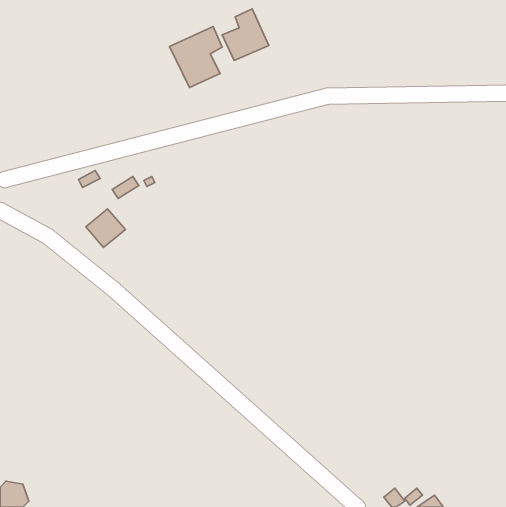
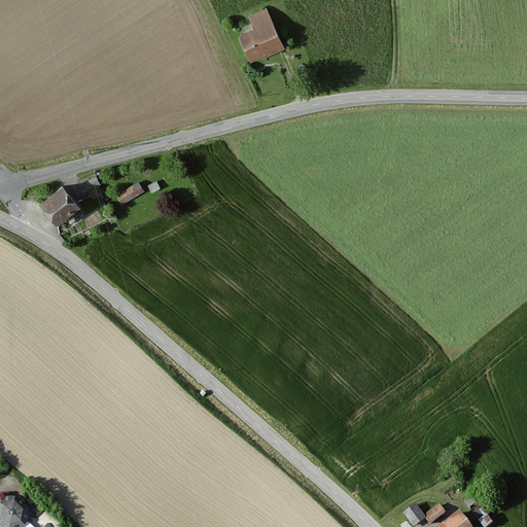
building: [170,26,222,88] -> none
building: [86,209,125,248] -> [46,186,87,226]

